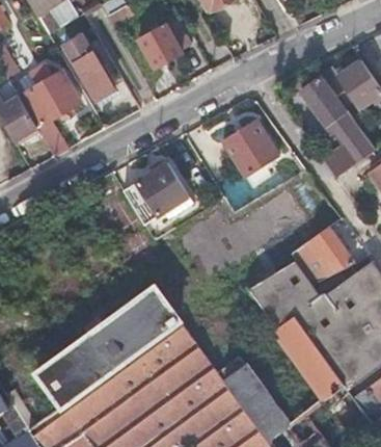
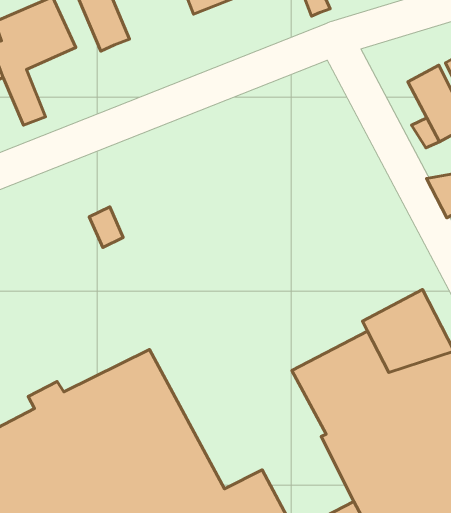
building: [221,120,278,177] -> none
building: [124,161,190,222] -> none

